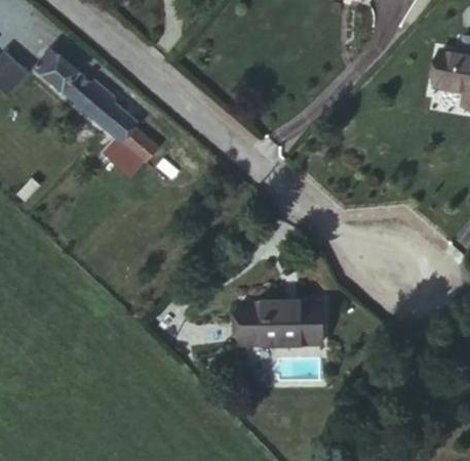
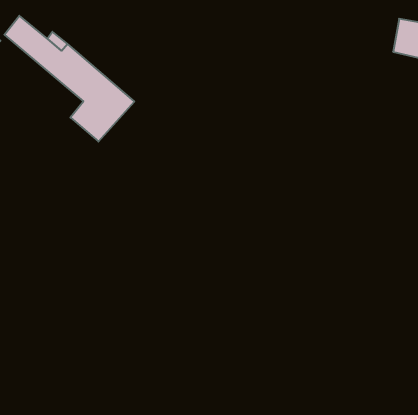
building: [240,303,319,346] -> none

